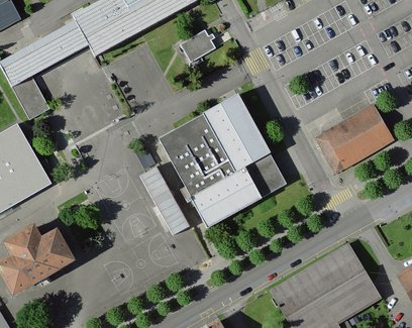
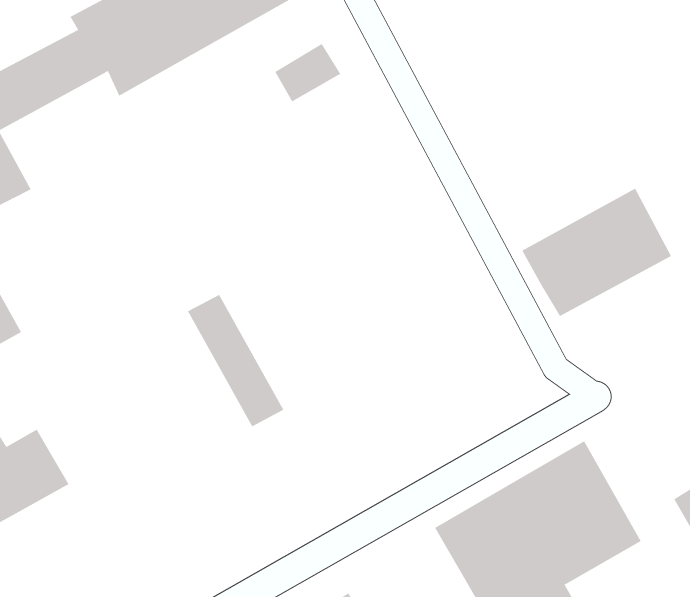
building: [156,92,285,225] -> none

